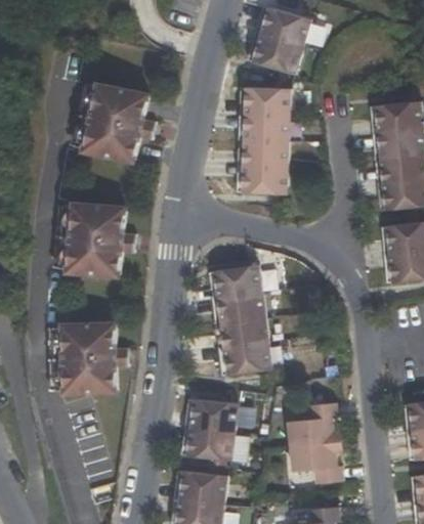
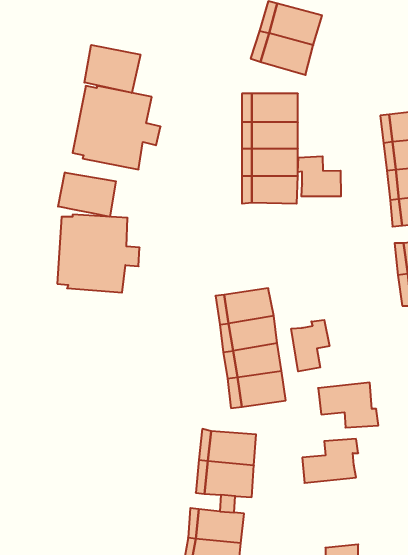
building: none -> [84,45,140,93]
building: none -> [298,156,341,196]
building: none -> [58,172,116,217]
building: none -> [291,320,329,371]
building: [58,320,134,392] -> none
building: [293,446,349,488] -> [318,383,378,428]

